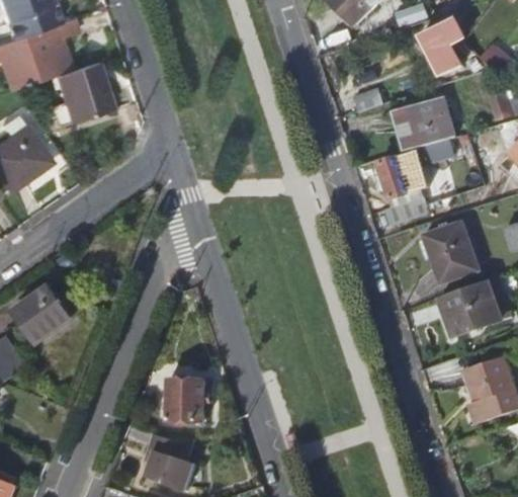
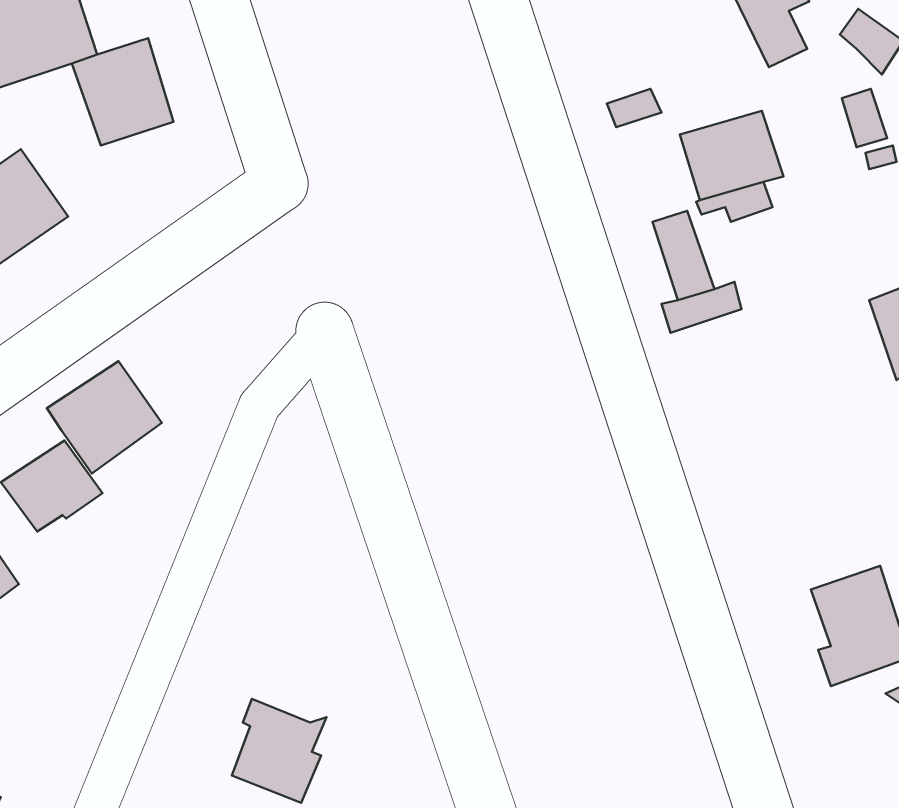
building: [423,223,480,284] -> none
building: none -> [47,361,162,474]
building: [439,283,495,336] -> none
building: [167,378,206,419] -> none

